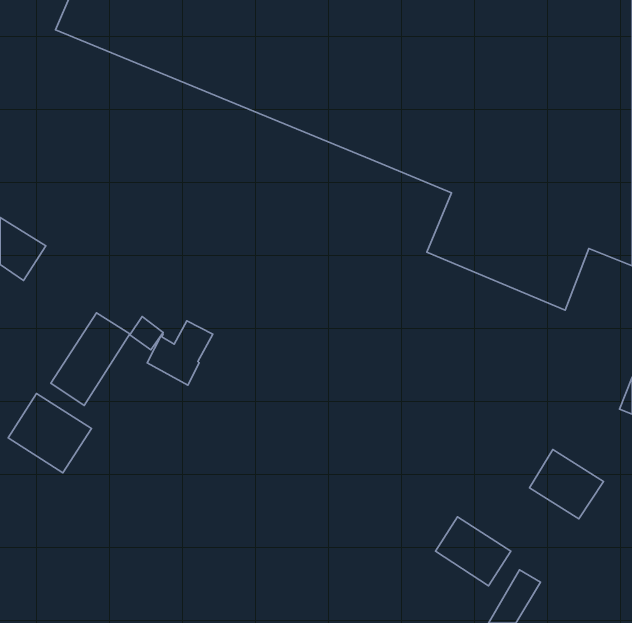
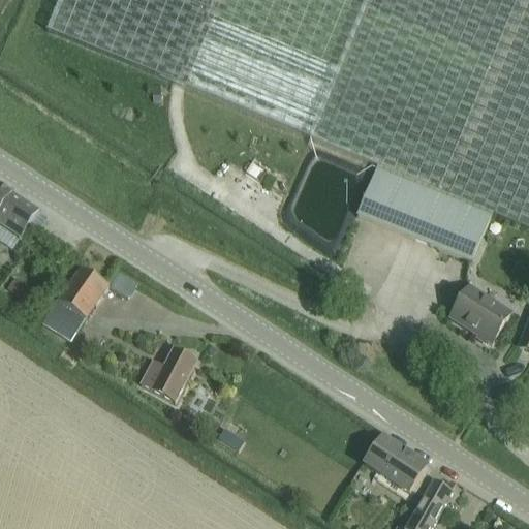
building: [147,321,213,385] -> [141,345,195,399]
building: [8,394,91,473] -> none
building: [529,449,604,519] -> [449,282,511,340]

